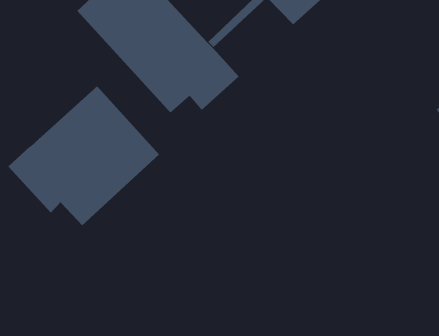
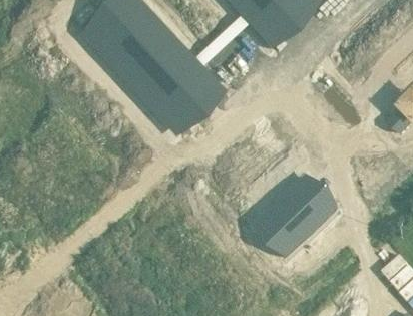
building: [7,85,160,226] -> none
building: none -> [257,179,336,256]

